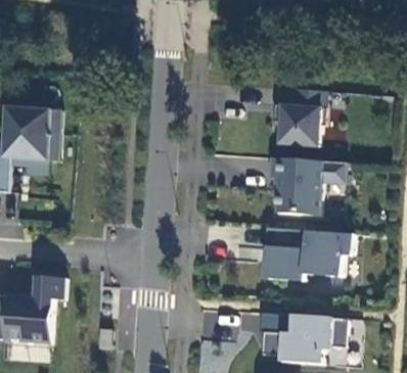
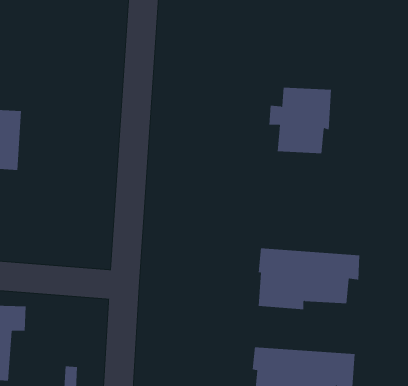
building: [270,157,346,216] -> none

